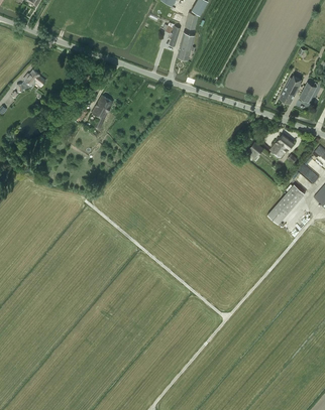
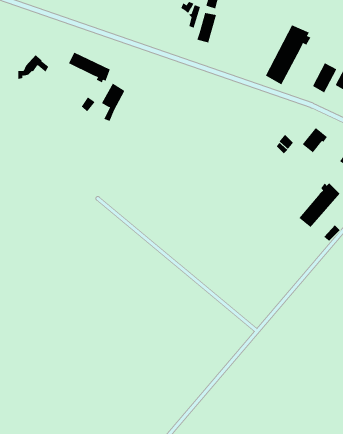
building: none -> [265,25,311,85]
building: none -> [68,52,111,83]

